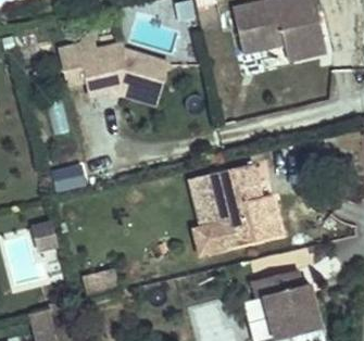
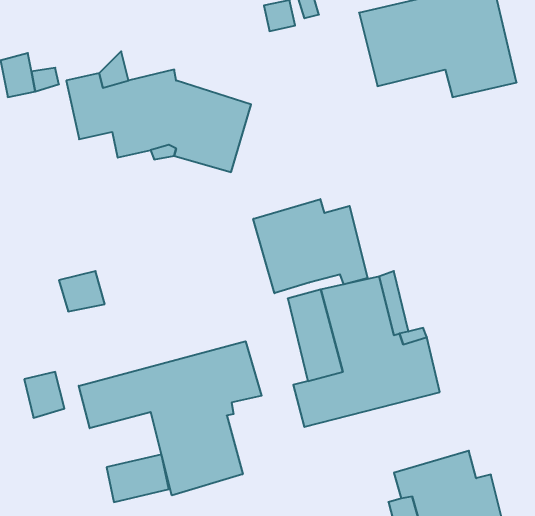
building: none -> [253,199,368,293]
building: none -> [79,341,262,495]

